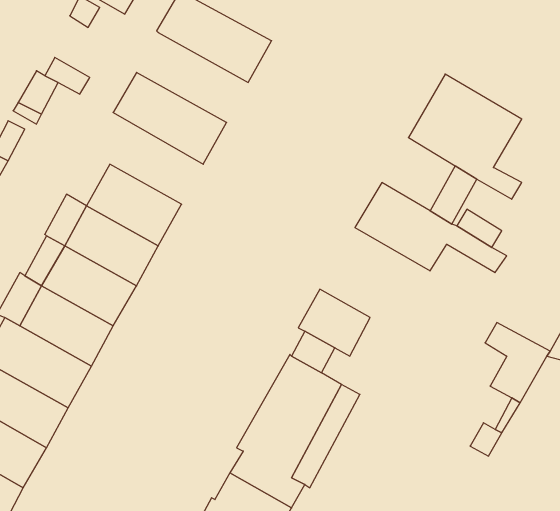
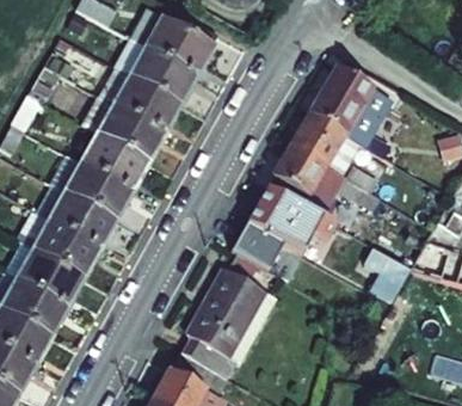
building: none -> [116,37,196,101]
building: none -> [84,94,164,160]
building: none -> [291,112,344,165]
building: none -> [247,185,335,252]

